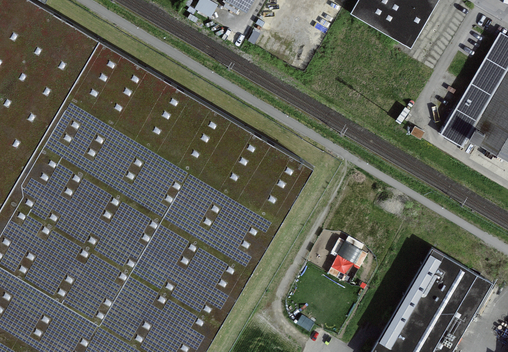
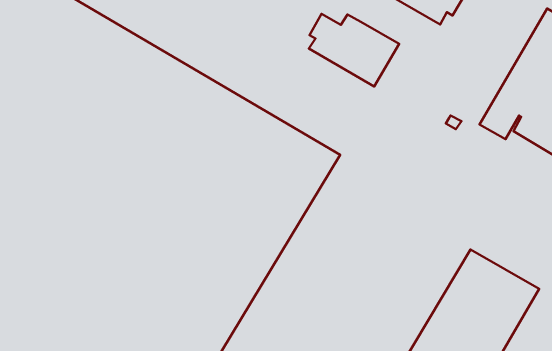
building: none -> [309,14,399,86]

